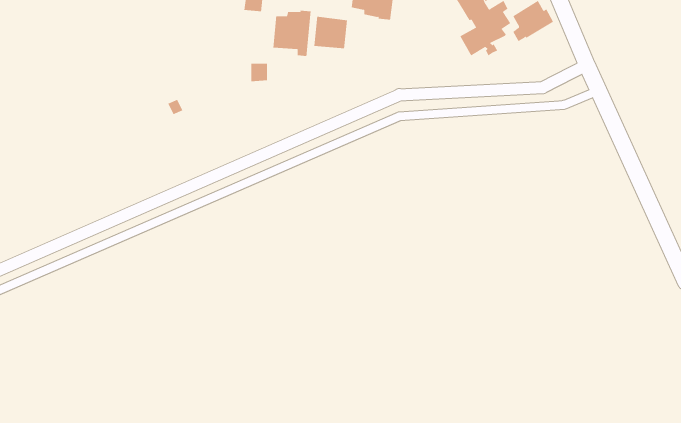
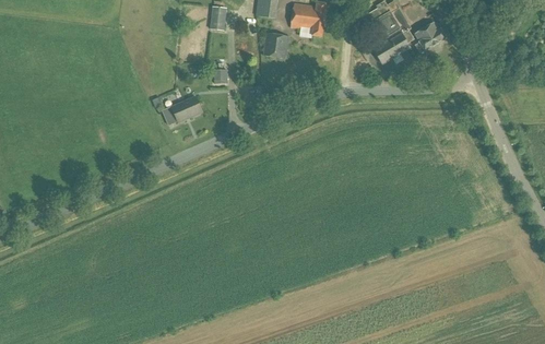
building: [273,10,311,57] -> none
building: none -> [162,95,202,124]

